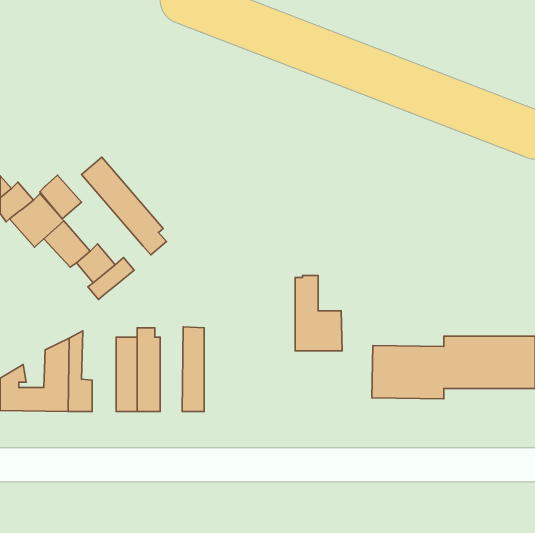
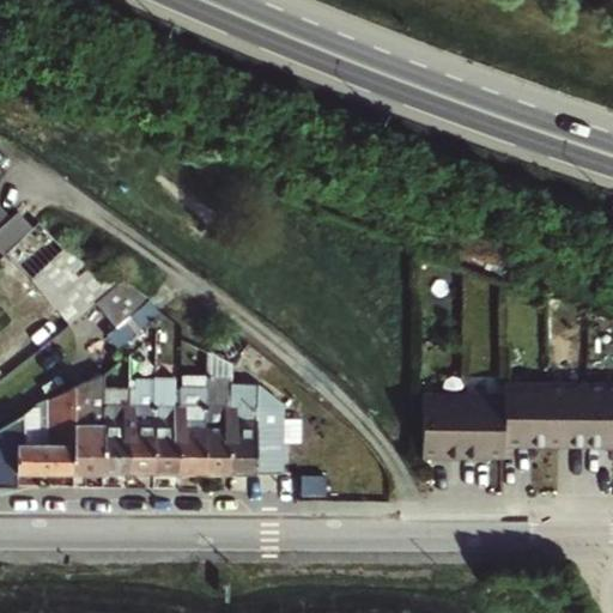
building: [81,157,166,255] -> none
building: [40,175,81,219] -> none
building: [295,275,342,351] -> [233,387,287,473]
building: none -> [182,376,210,473]
building: none -> [105,388,133,473]

